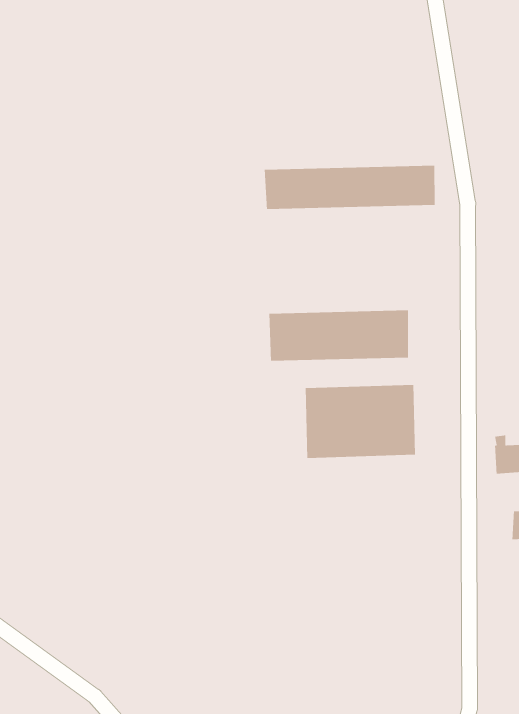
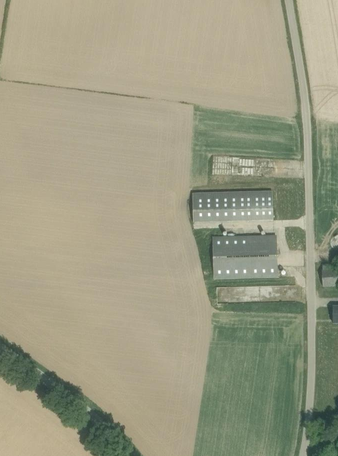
building: [264,165,436,210] -> none

